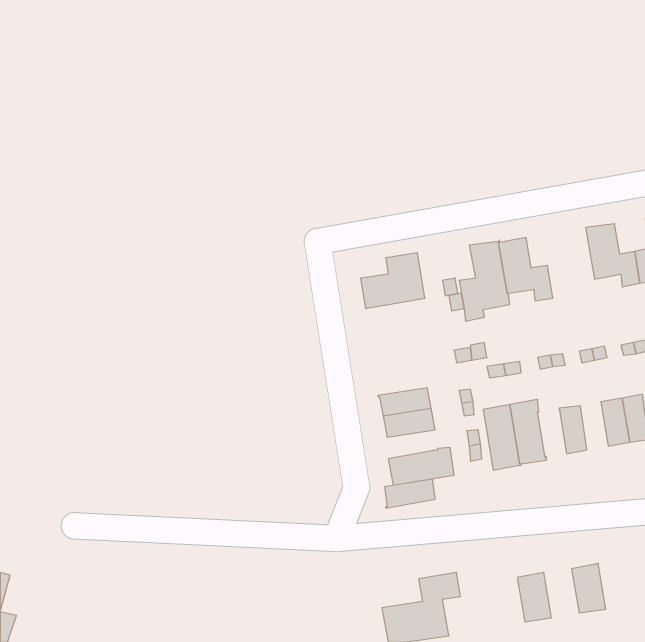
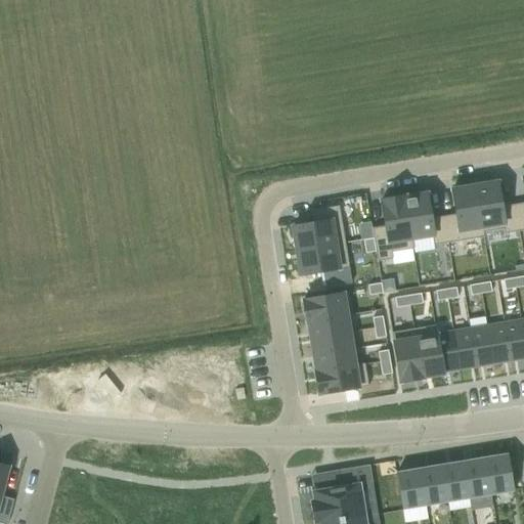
building: none -> [444,184,482,242]
building: none -> [297,242,352,285]
building: none -> [303,292,352,320]
building: none -> [469,315,493,364]
building: none -> [436,331,460,370]
building: [385,479,435,508] -> [314,348,355,372]
building: none -> [485,452,514,493]
building: none -> [441,461,470,500]
building: none -> [397,468,426,508]

